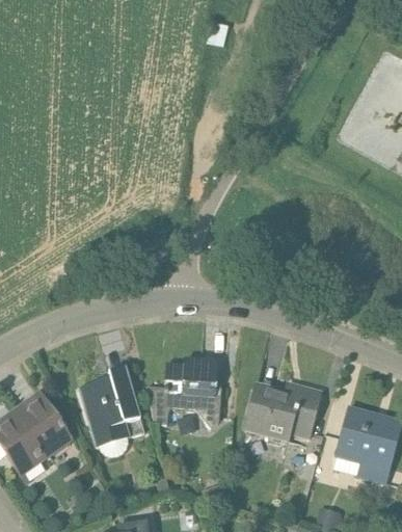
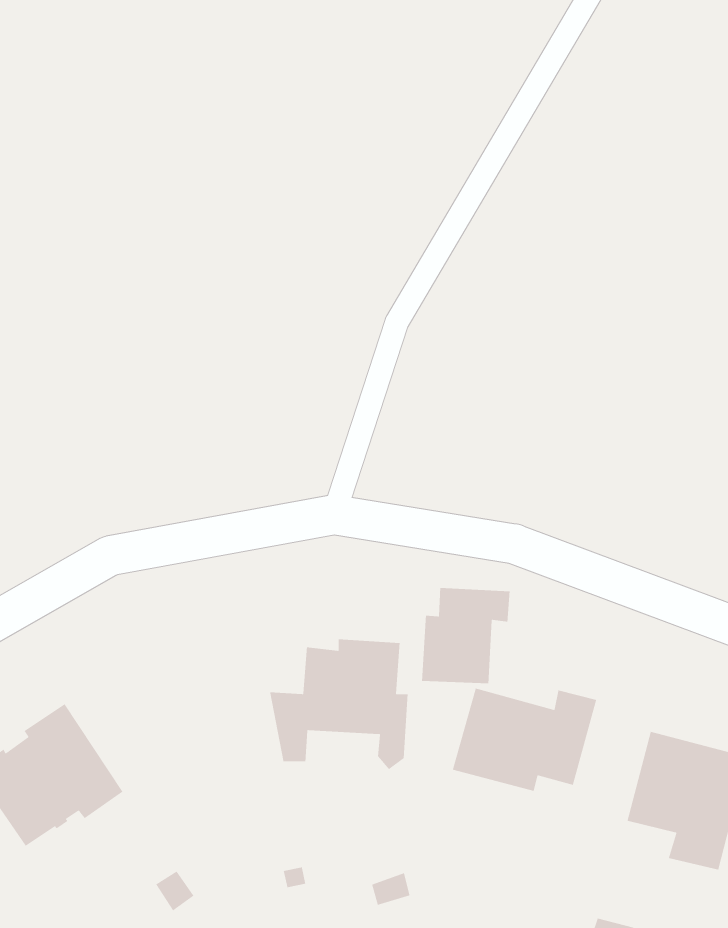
building: none -> [421,587,511,684]
building: [80,367,144,446] -> none

